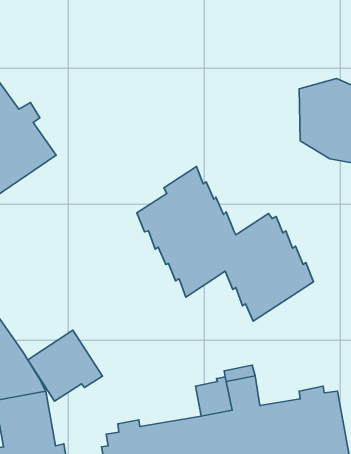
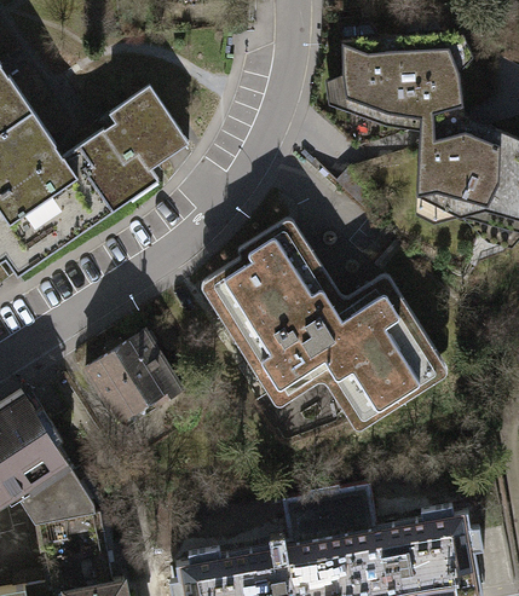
building: none -> [340,36,465,131]
building: none -> [79,87,190,214]
building: [28,330,103,401] -> [85,331,179,421]

